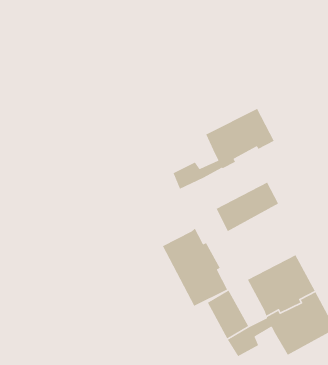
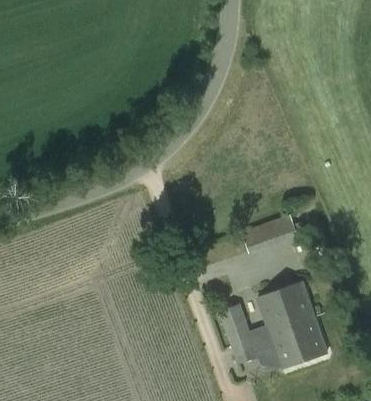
building: [173,108,275,190] -> none
building: [162,227,228,307] -> none

